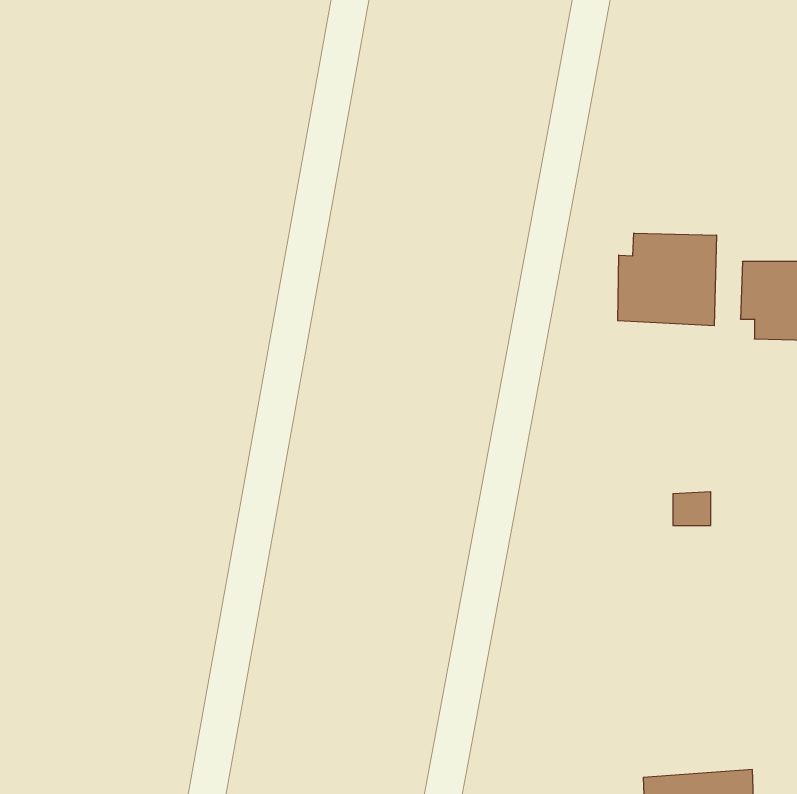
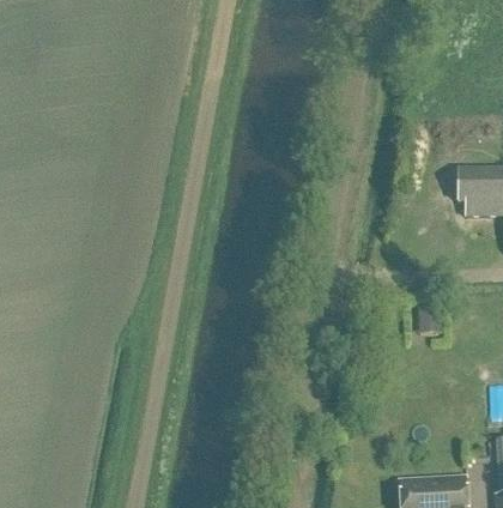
building: [618,233,716,326] -> none

